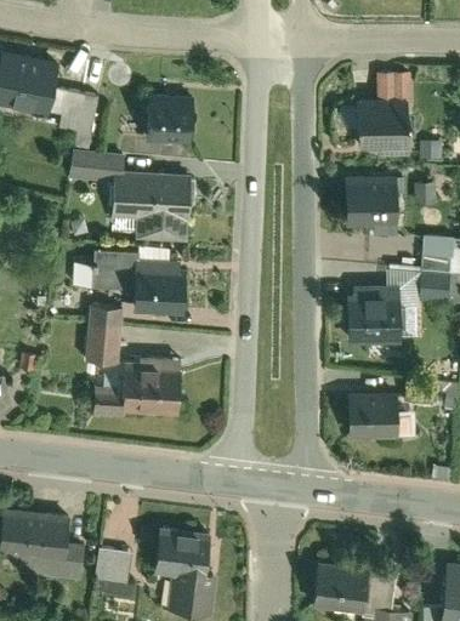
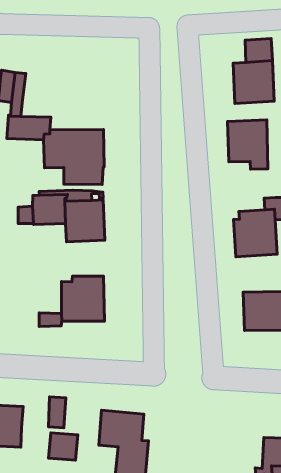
building: [147,91,193,146] -> none
building: [85,307,123,365] -> none
building: [59,542,84,582] -> [49,397,66,428]
building: [312,563,369,613] -> none

